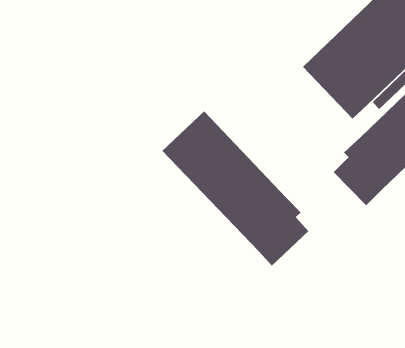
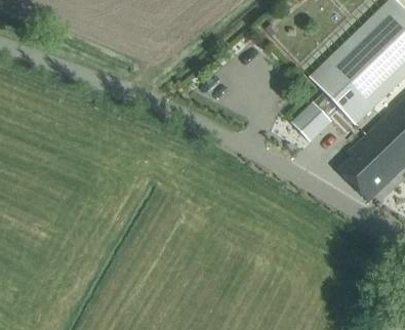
building: none -> [293,102,332,141]
building: [162,111,309,267] -> none

